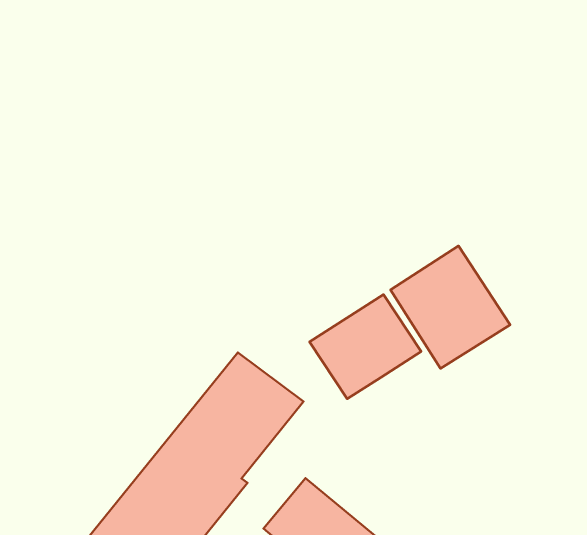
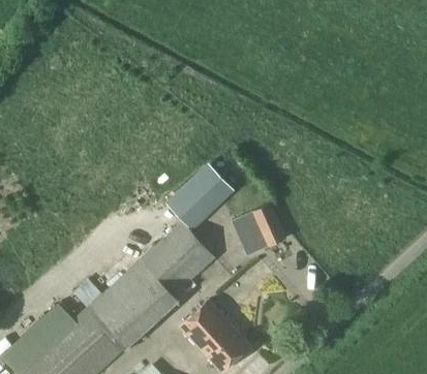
building: [391,246,510,369] -> none
building: none -> [171,167,230,225]

